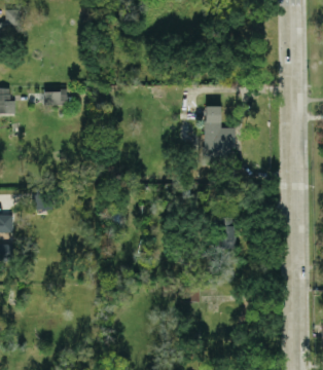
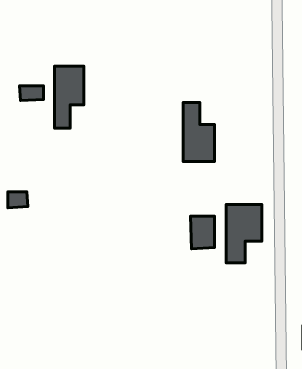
building: none -> [55,66,84,128]
building: none -> [226,205,262,263]

